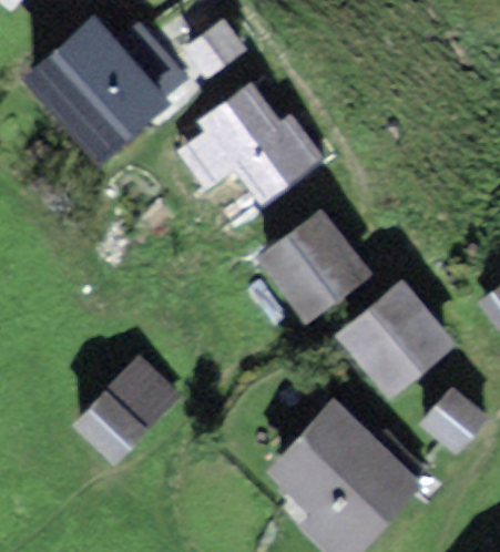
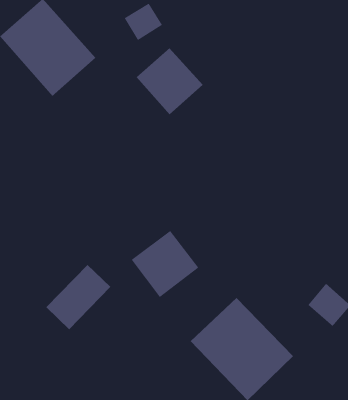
building: [267,218,357,307] -> [131,230,199,298]
building: [348,293,442,388] -> none

